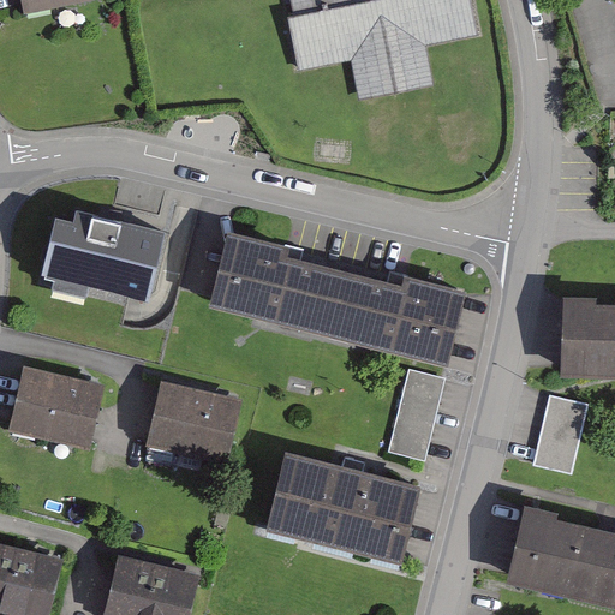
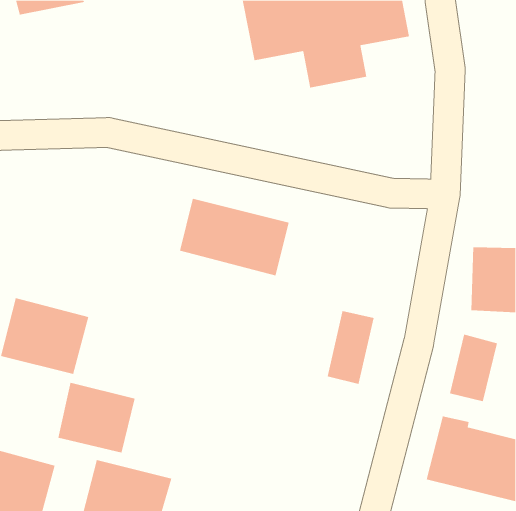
building: [38,207,163,295] -> none
building: [328,271,461,364] -> none
building: [144,380,237,464] -> [58,382,135,453]
building: [259,446,420,561] -> none

